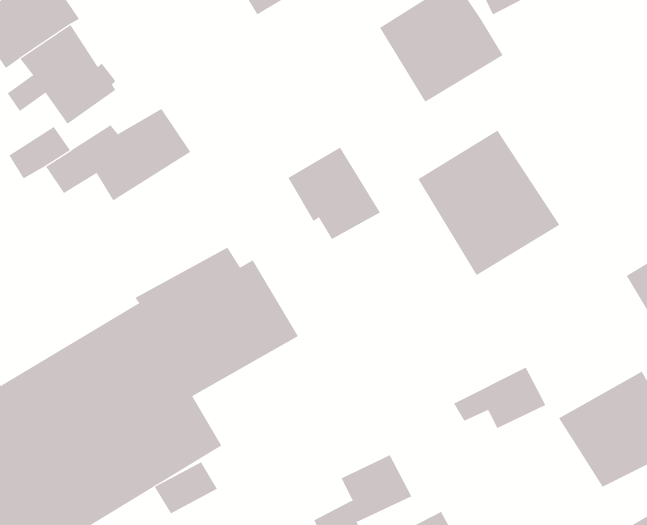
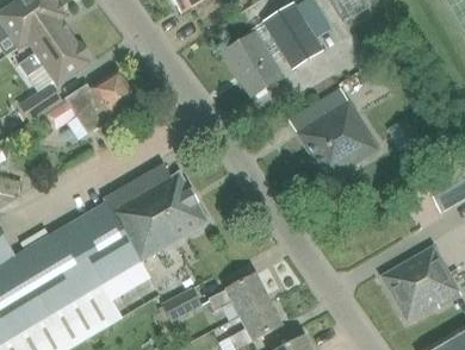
building: [288,147,381,240] -> [223,31,284,92]
building: [453,367,546,429] -> [209,273,269,313]
building: [154,461,218,514] -> [161,286,203,320]

